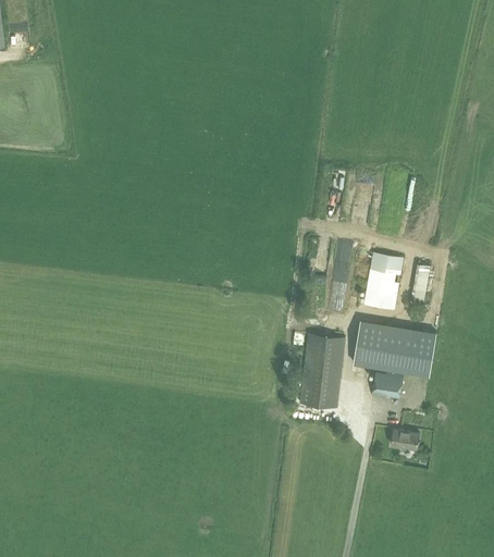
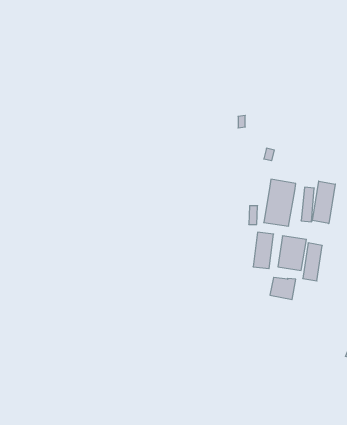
building: none -> [312,181,335,224]
building: [300,334,344,410] -> none
building: [391,430,419,453] -> none

